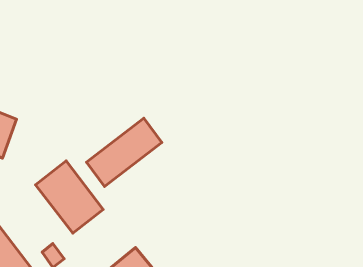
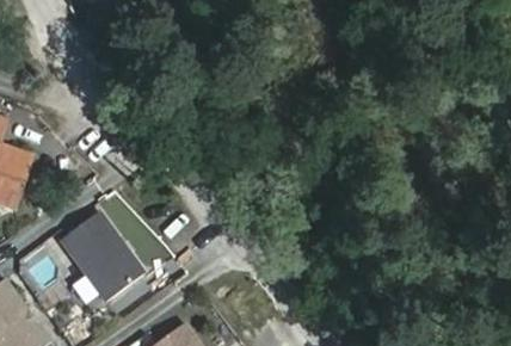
building: [87,118,162,186] -> none

